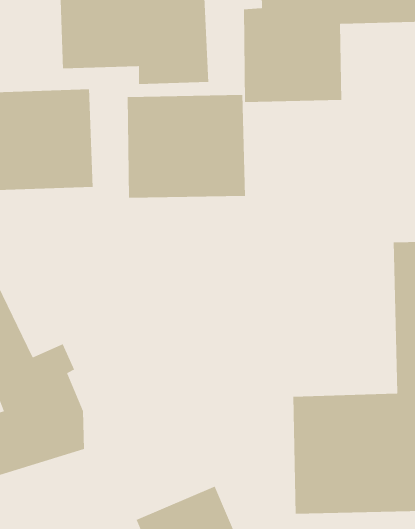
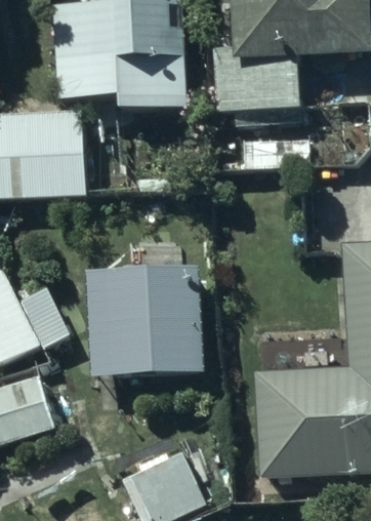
building: [127,94,246,199] -> none
building: none -> [88,267,200,372]

